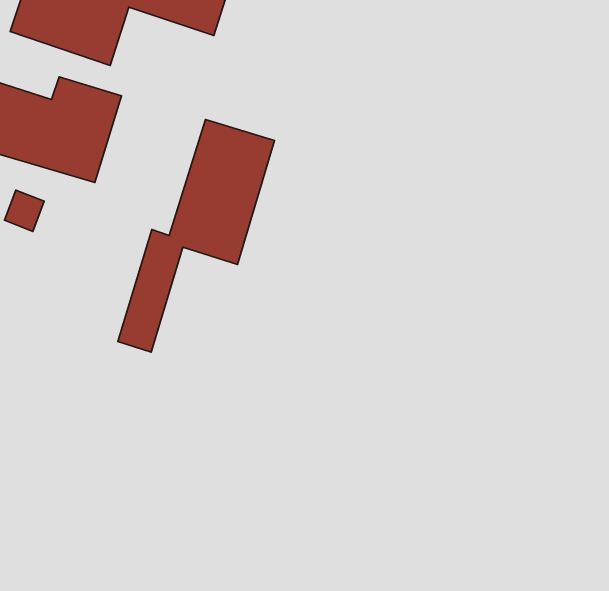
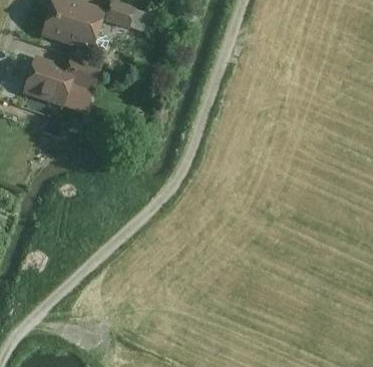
building: [118,119,274,352] -> none

